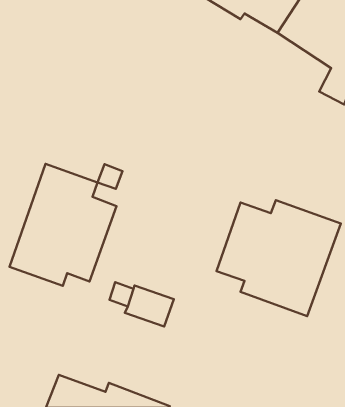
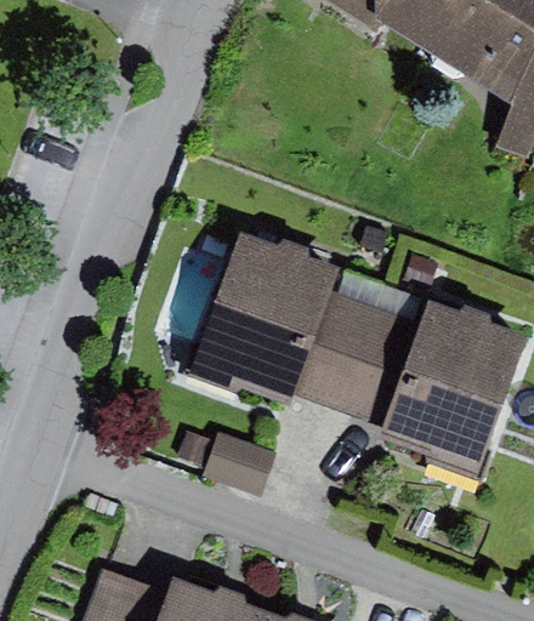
building: none -> [193,234,375,410]
building: [10,164,117,286] -> none

